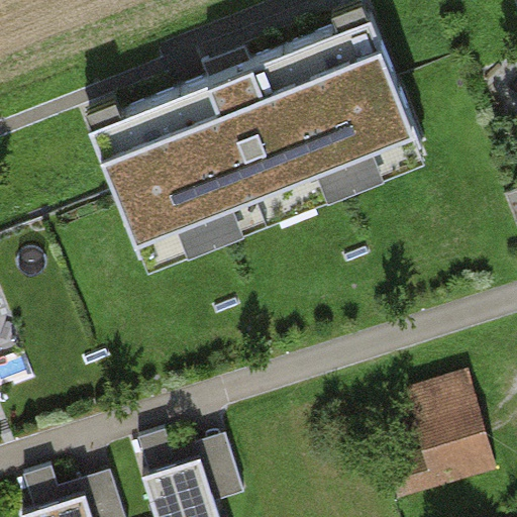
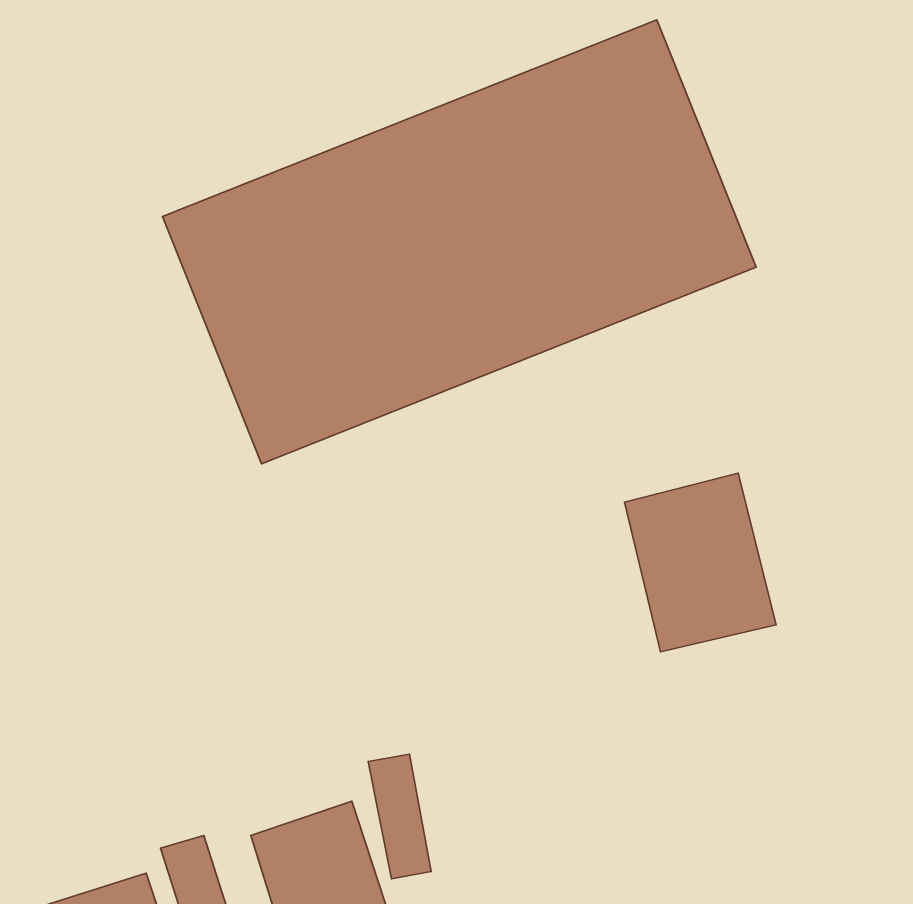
building: [407,377,492,477] -> [624,473,776,652]

